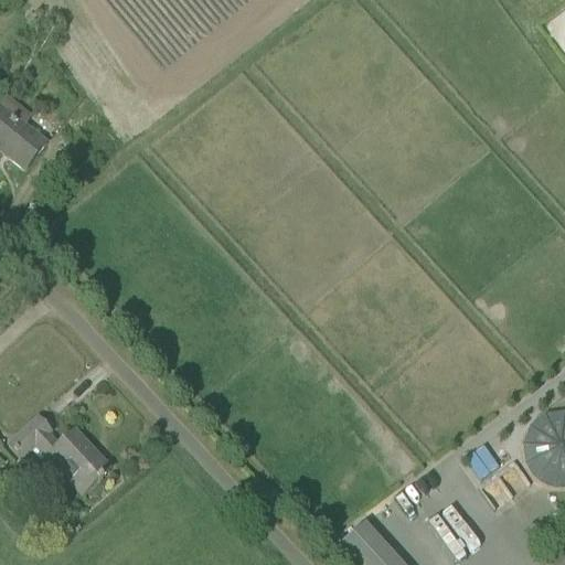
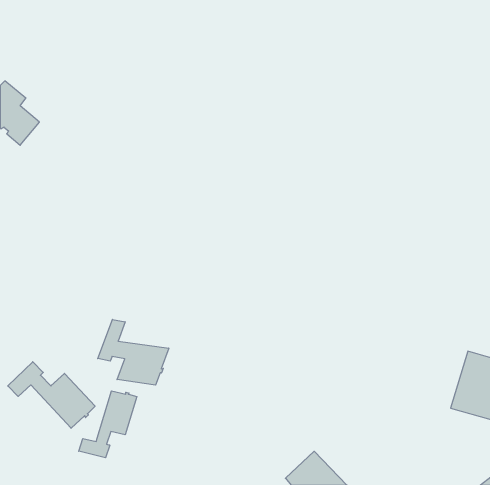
building: none -> [98,319,169,385]
building: none -> [79,391,137,458]

